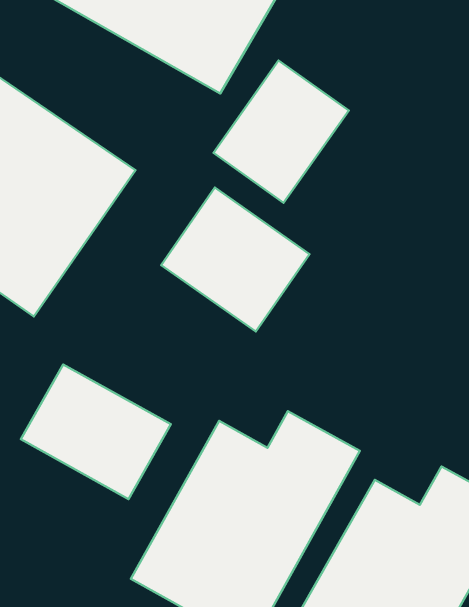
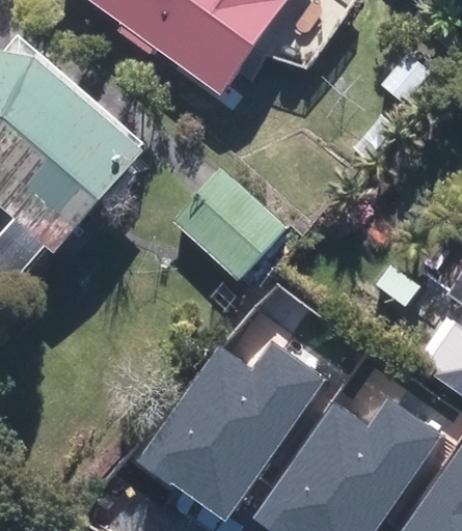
building: [213,60,349,203] -> none
building: [21,364,171,499] -> none

